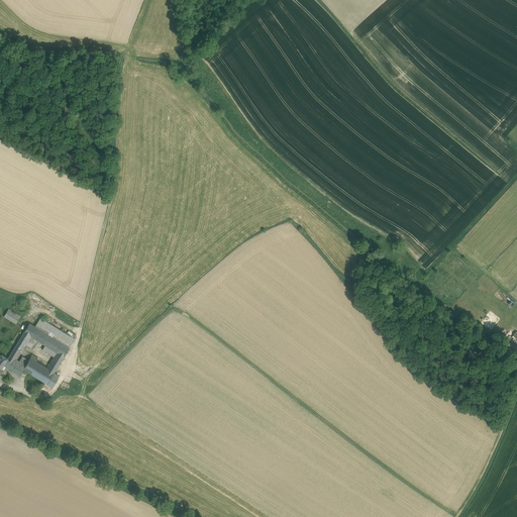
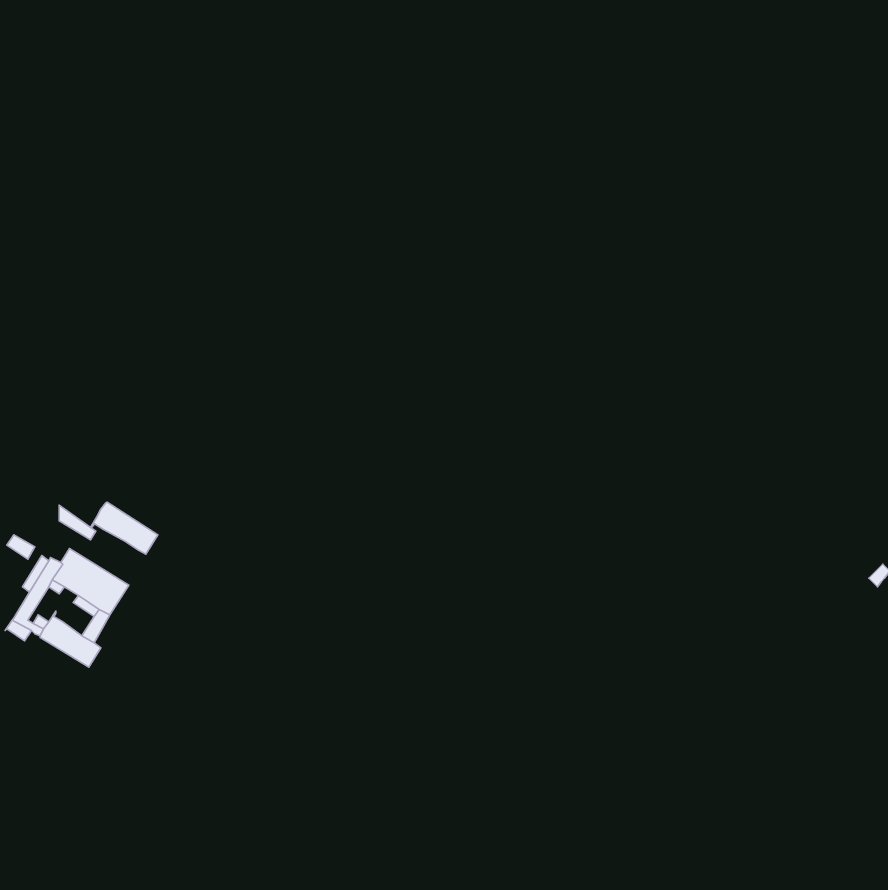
building: none -> [91,502,158,554]

